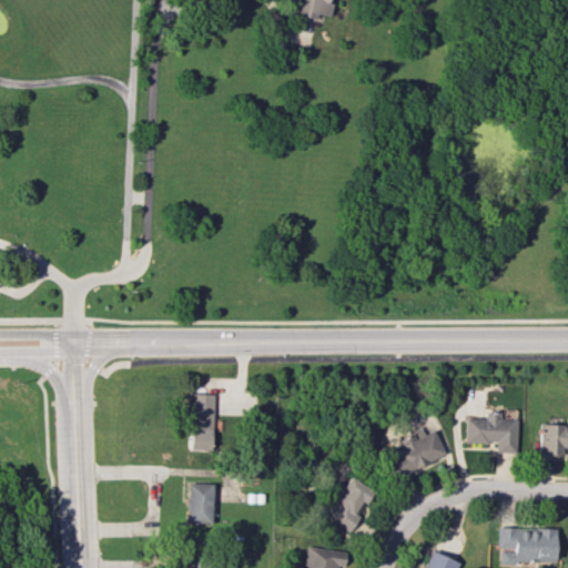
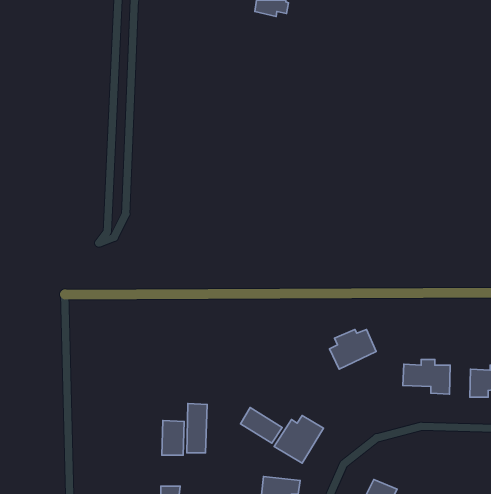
building: [193,394,216,450] -> [187,403,207,453]
building: [394,429,447,475] -> [330,329,376,369]
building: none -> [241,408,282,443]
building: [500,529,558,560] -> none

